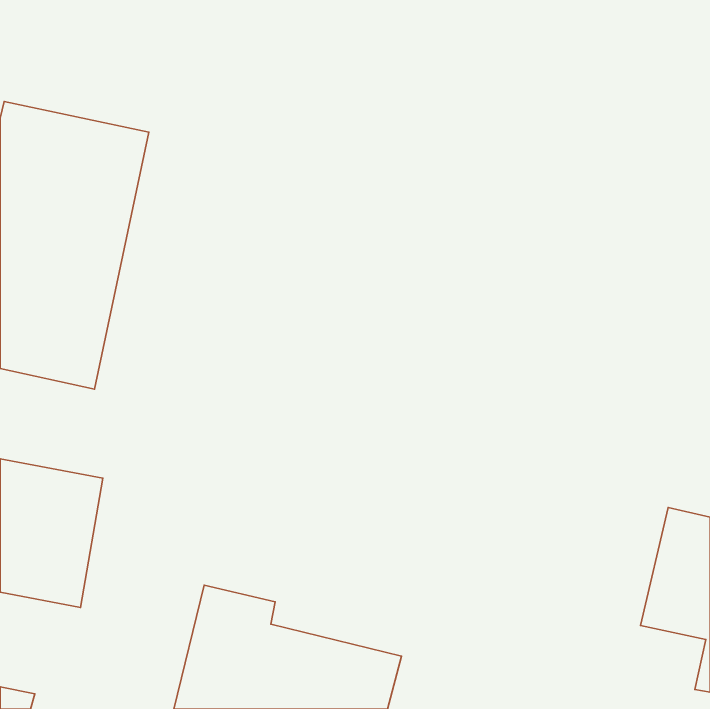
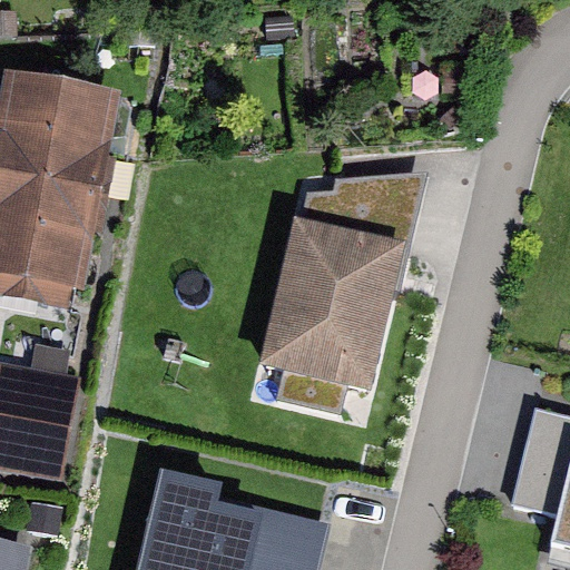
building: none -> [258,175,425,390]

